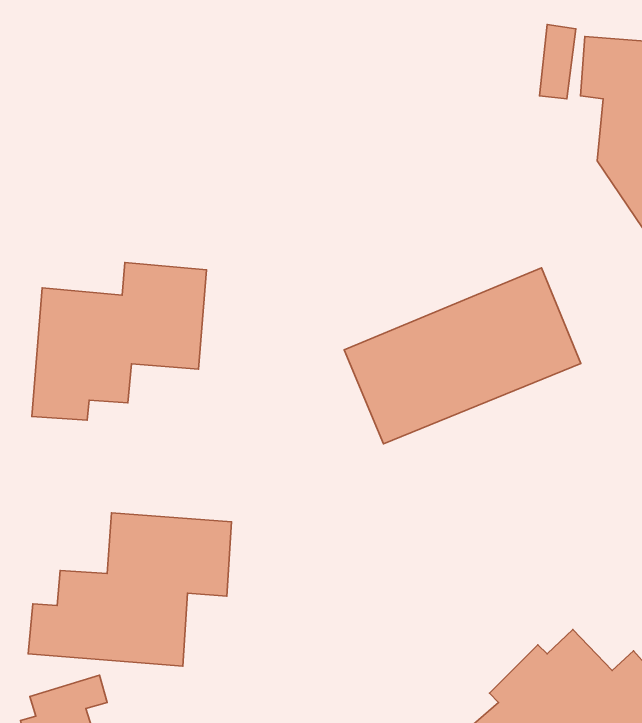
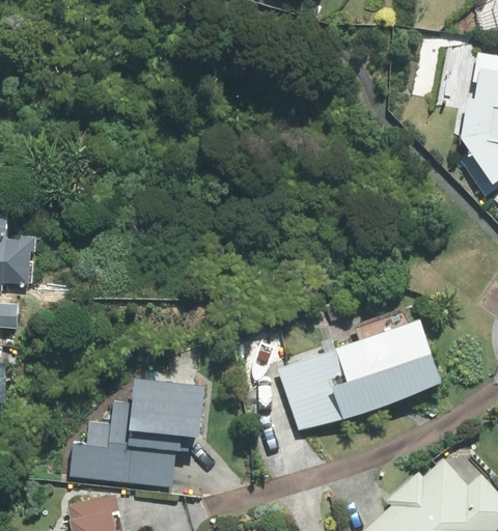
building: [32,262,207,420] -> none
building: [344,268,581,444] -> [273,316,435,437]

